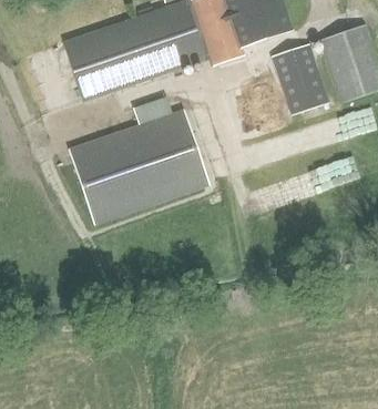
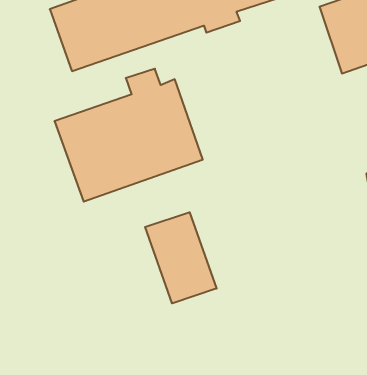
building: [272,43,329,115] -> none
building: none -> [145,212,217,303]

